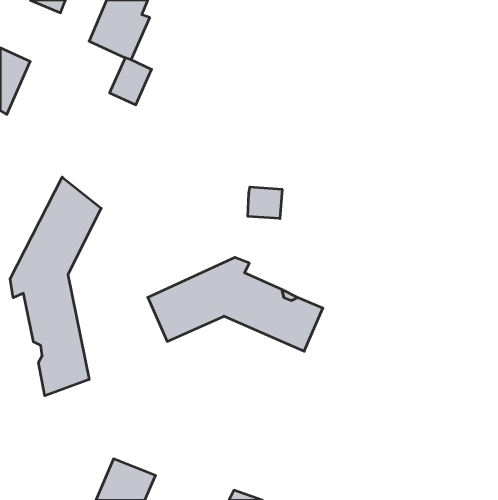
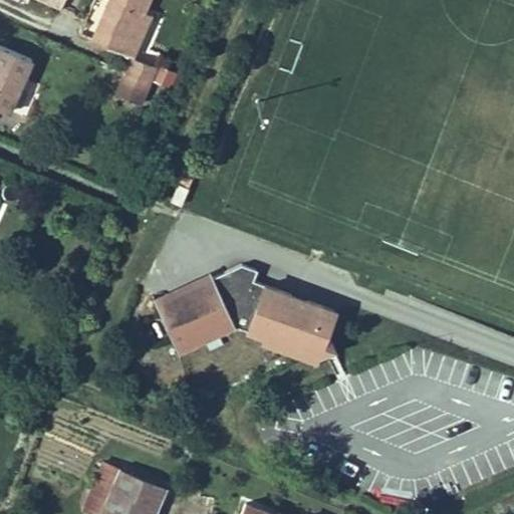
building: [10,177,101,396] -> none
building: [248,187,282,219] -> none

